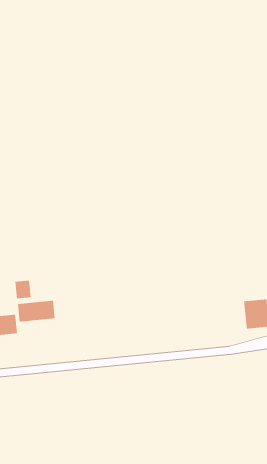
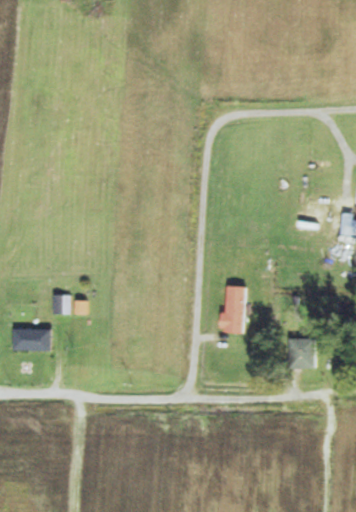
building: none -> [224,286,243,333]
building: [17,300,56,322] -> none

